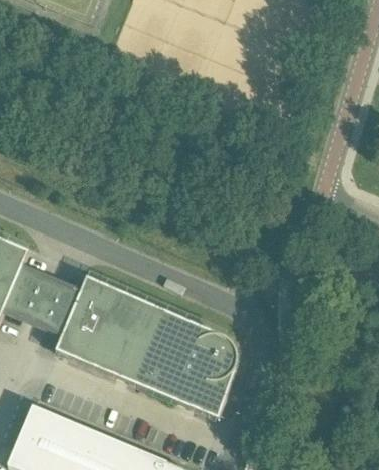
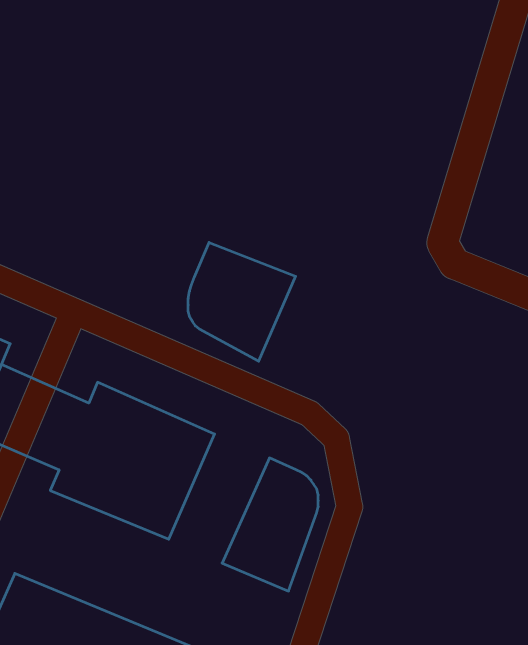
building: none -> [188,242,296,361]
building: [135,311,204,398] -> none

